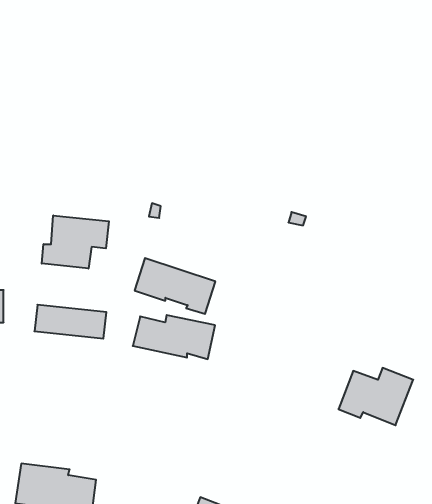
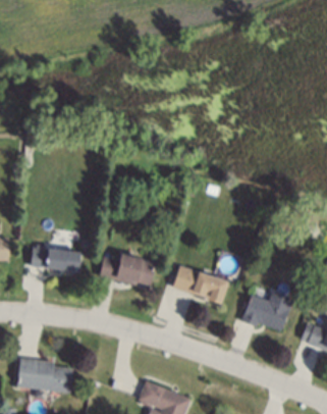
building: [42,215,109,269] -> none
building: [135,258,215,314] -> [172,265,228,304]

